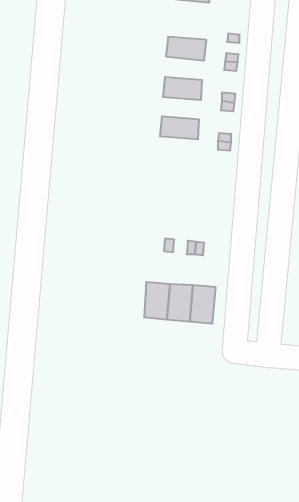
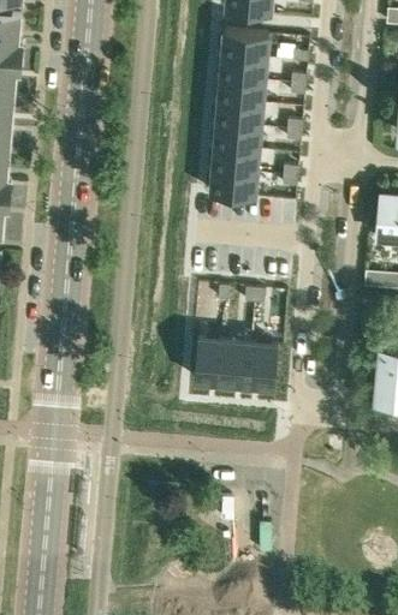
building: none -> [222,31,268,59]
building: none -> [219,78,265,106]
building: none -> [215,125,261,151]
building: none -> [210,171,257,198]

